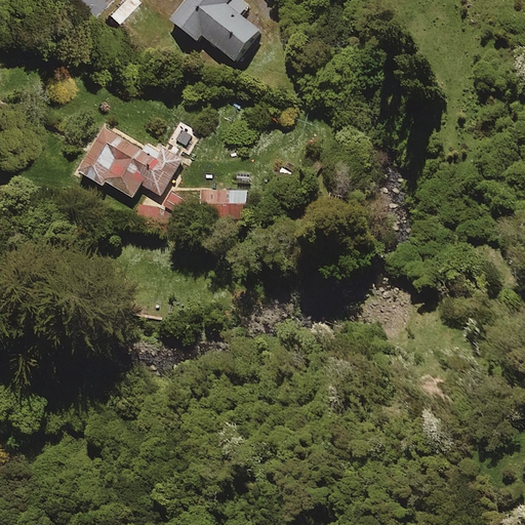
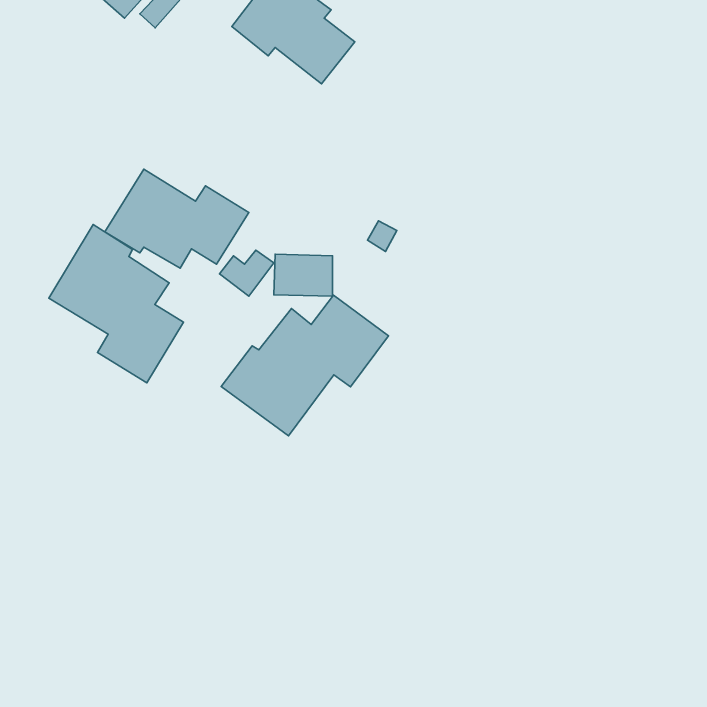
building: none -> [49,225,183,383]
building: none -> [221,295,389,436]

